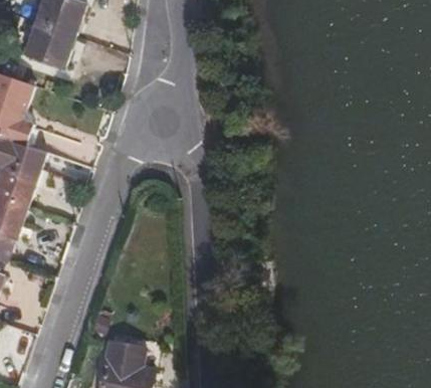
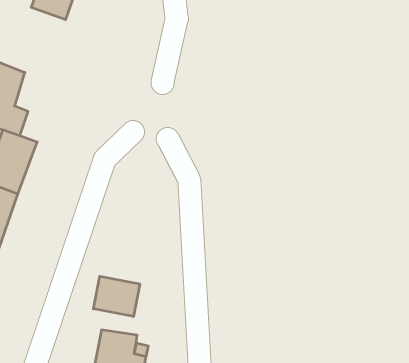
building: [27,22,72,65] -> none
building: none -> [93,276,140,317]

